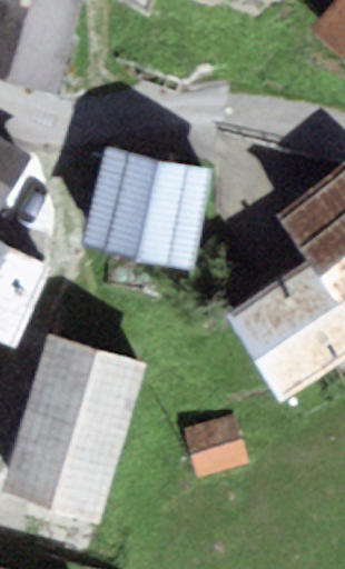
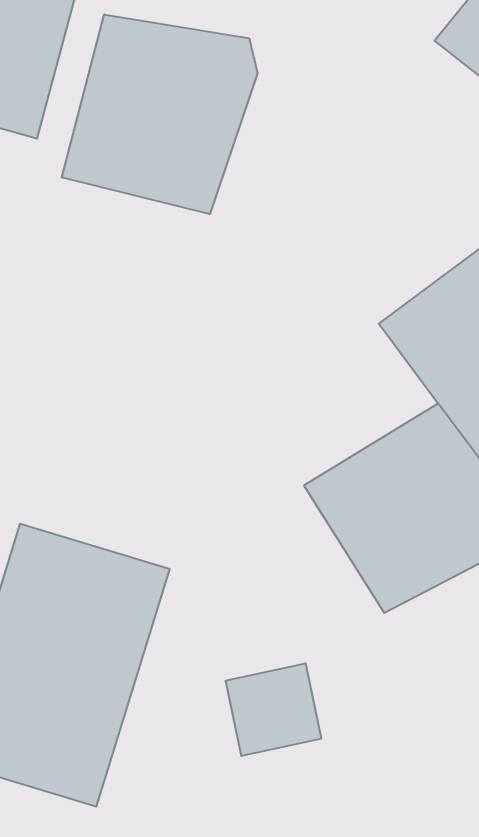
building: none -> [62,14,258,214]
building: [79,150,209,266] -> none

